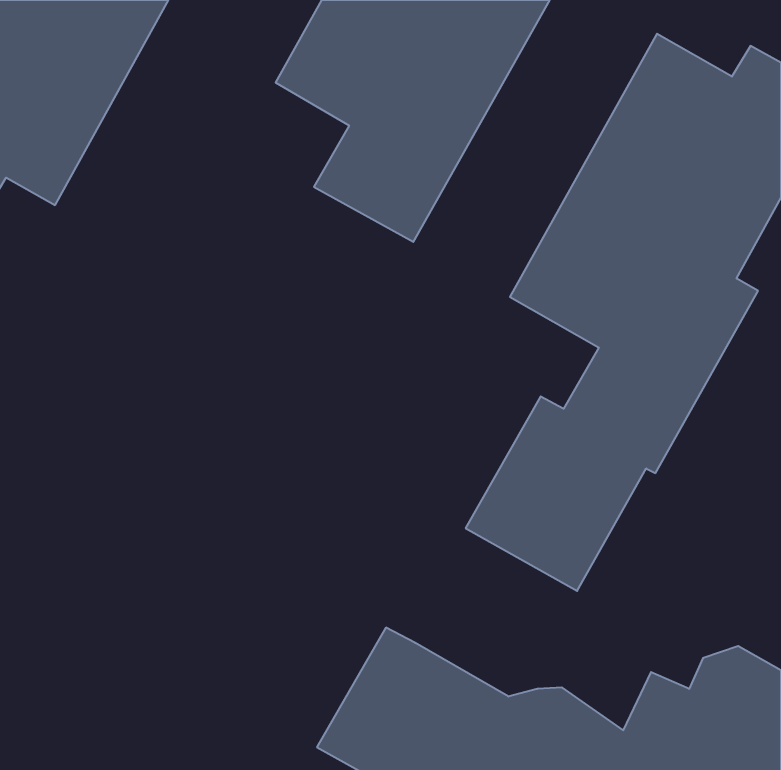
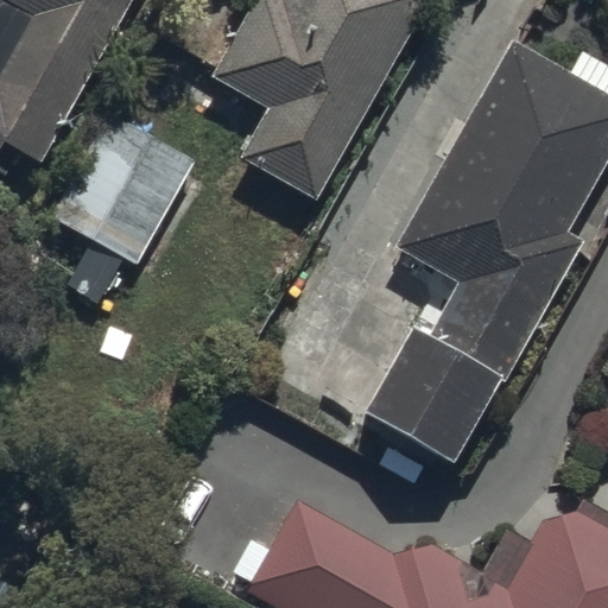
building: none -> [48,107,195,261]

